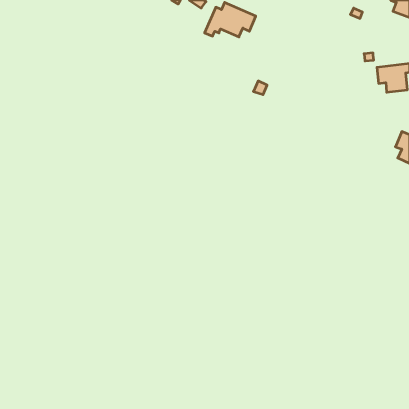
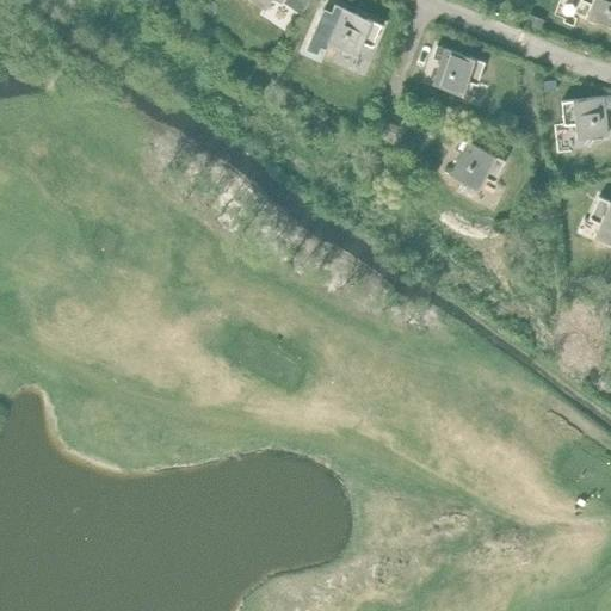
building: none -> [433,45,486,95]
building: none -> [450,137,506,190]

